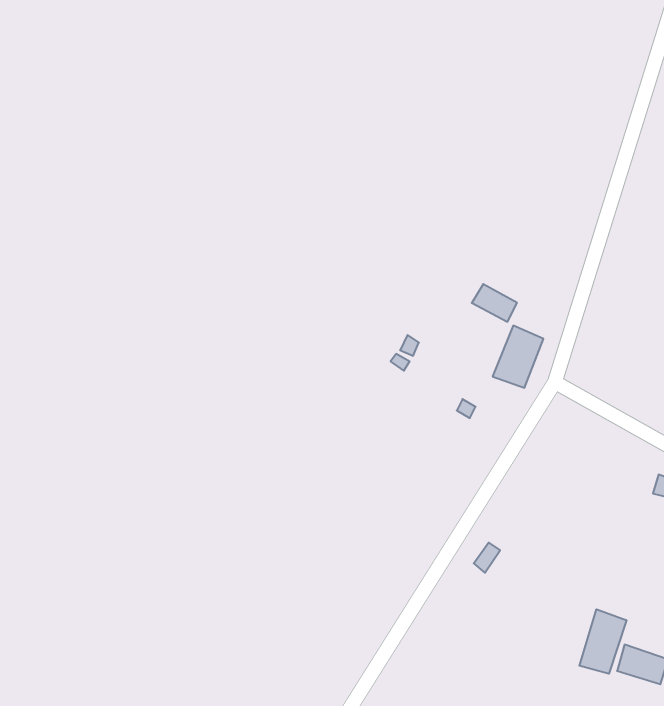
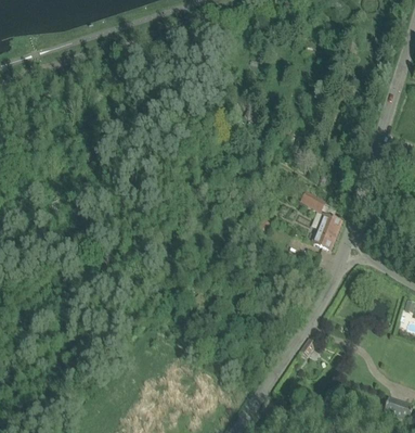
building: [579,609,626,674] -> none

